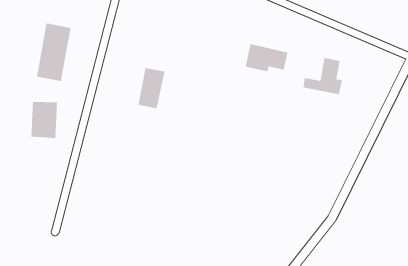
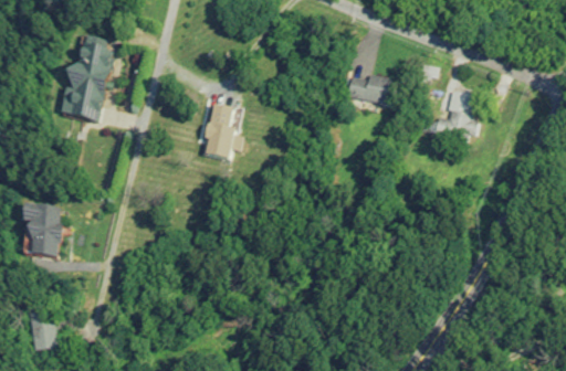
building: [31,101,58,139] -> [25,205,62,256]
building: none -> [30,308,55,347]

